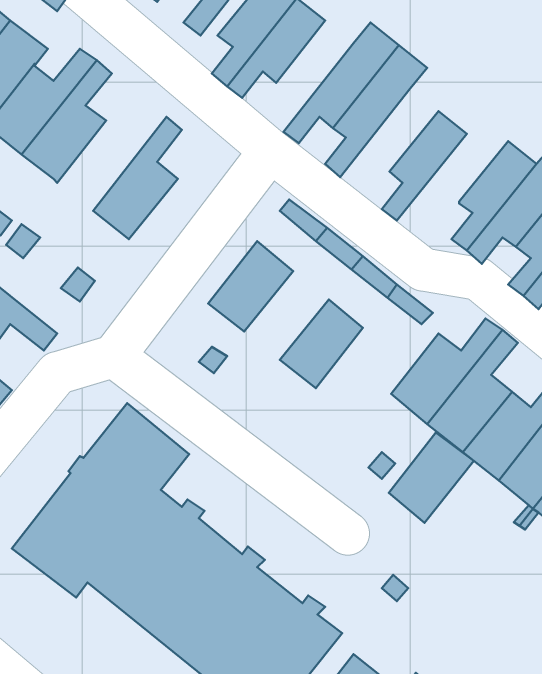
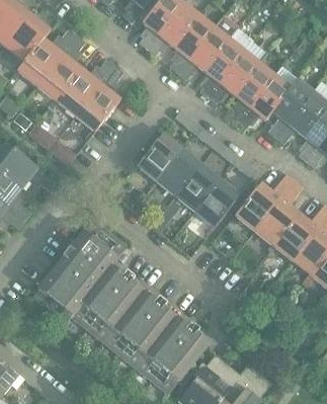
building: none -> [169,14,215,74]
building: none -> [208,51,260,104]
building: none -> [56,59,114,116]
building: none -> [238,67,298,129]
building: none -> [156,149,201,196]
building: [389,432,474,523] -> [194,179,240,228]

